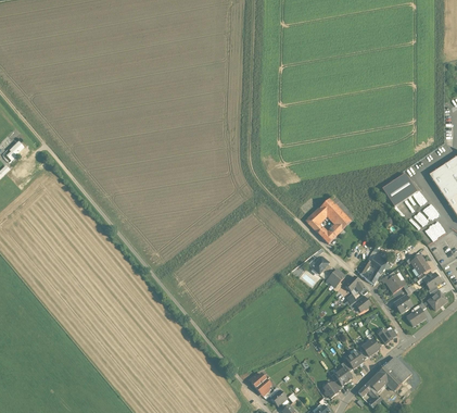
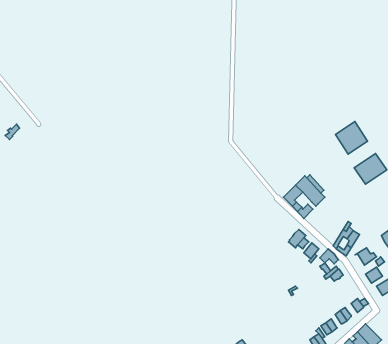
building: none -> [335,122,368,154]

